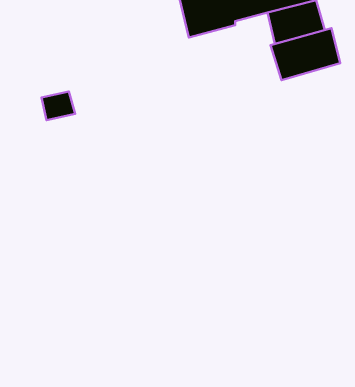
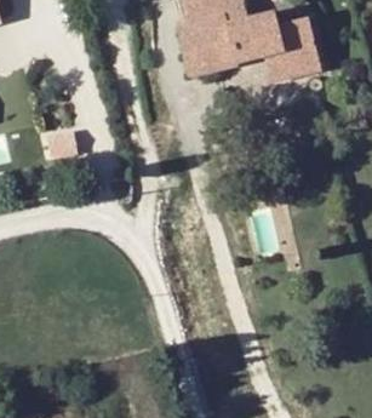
building: [271,28,340,80] -> none

